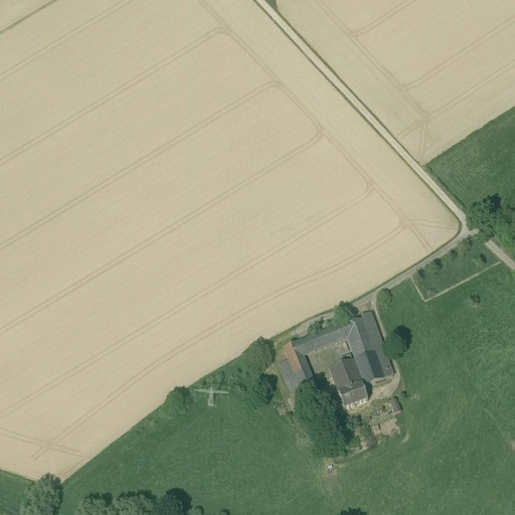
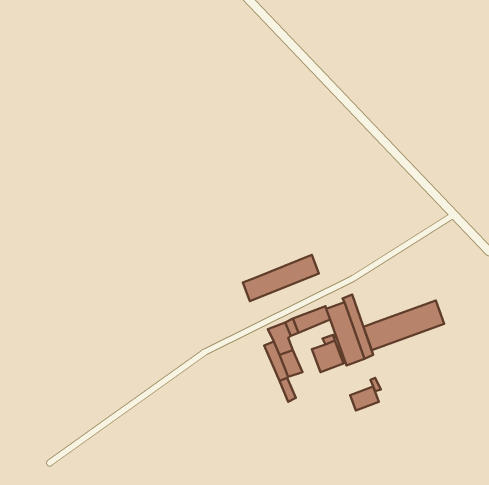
building: none -> [243,255,319,301]
building: none -> [363,300,444,350]
building: [337,382,367,407] -> [350,387,379,410]

